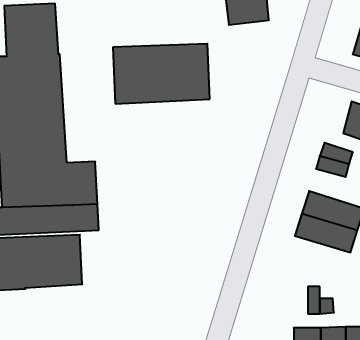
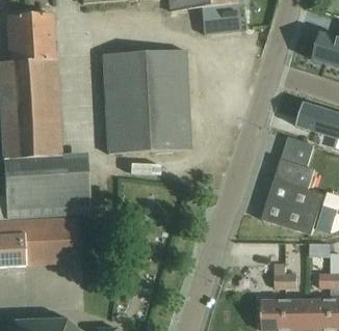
building: none -> [104,99,189,153]
building: none -> [275,160,314,190]

